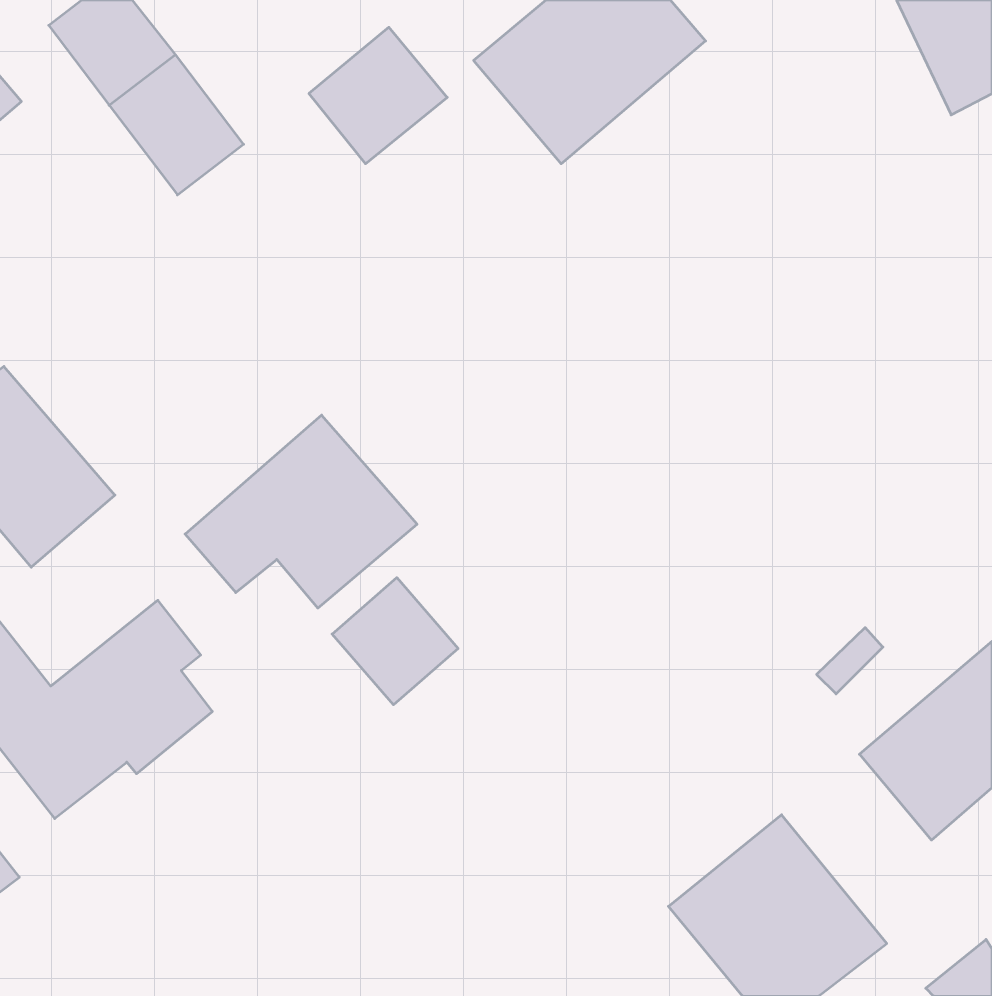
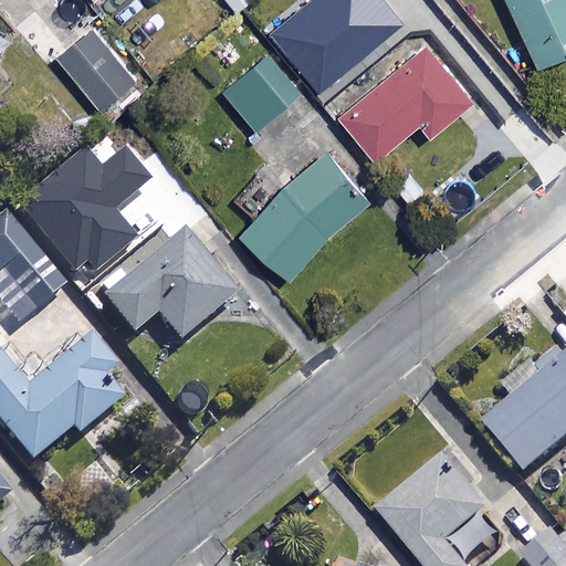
building: [309,27,447,164] -> [224,52,303,129]
building: none -> [340,44,473,159]
building: none -> [18,143,153,269]
building: none -> [240,149,370,277]
building: [332,578,458,705] -> none

